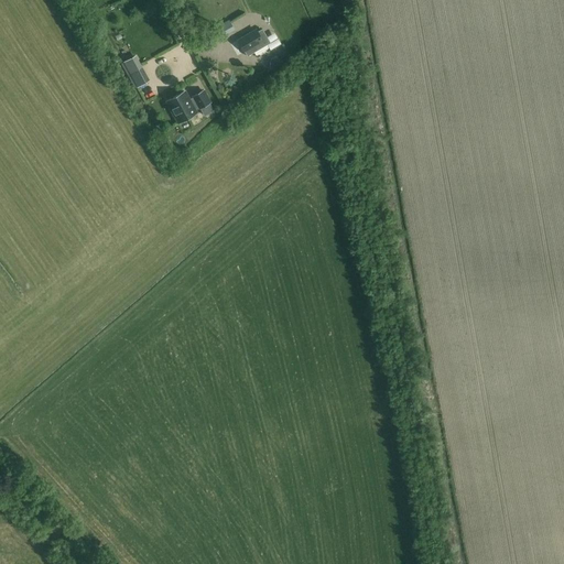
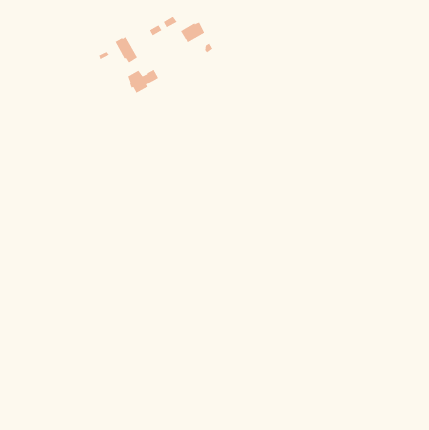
building: none -> [115,36,138,63]

